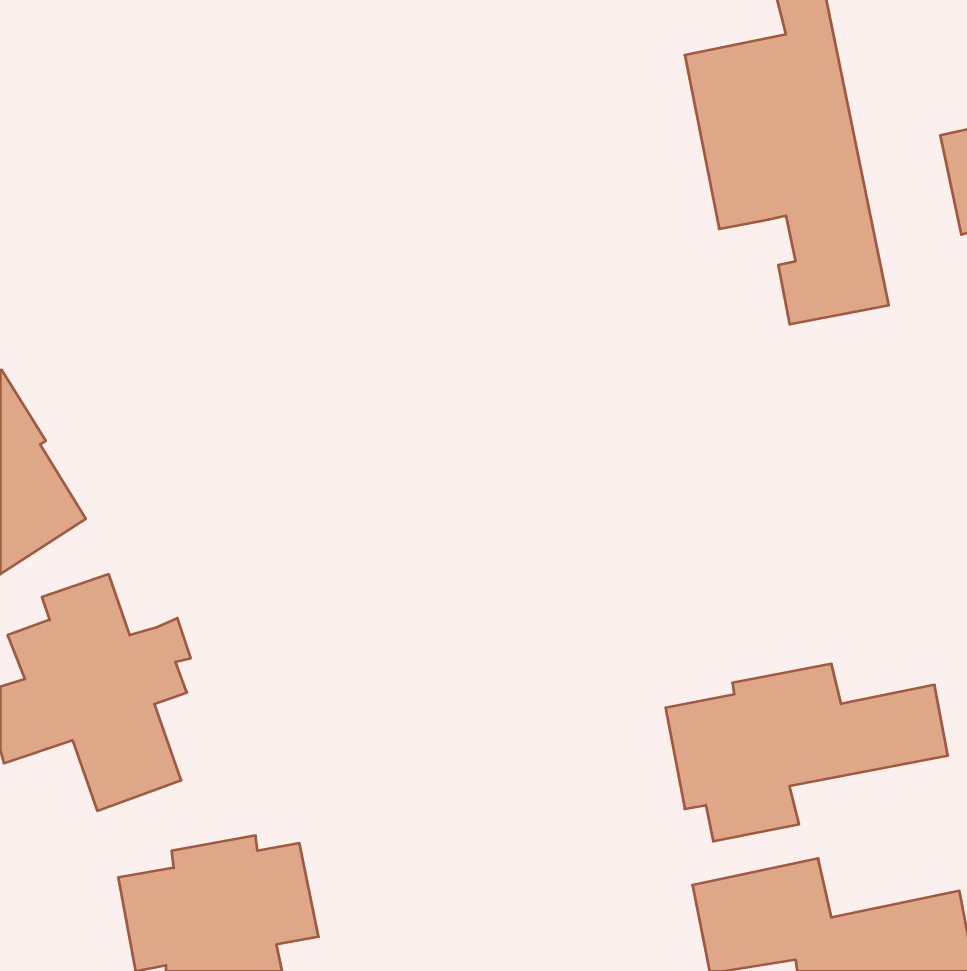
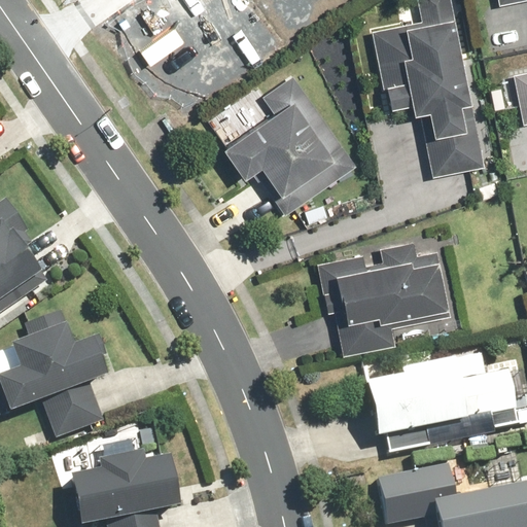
building: none -> [221,73,357,215]
building: none -> [317,242,449,356]

